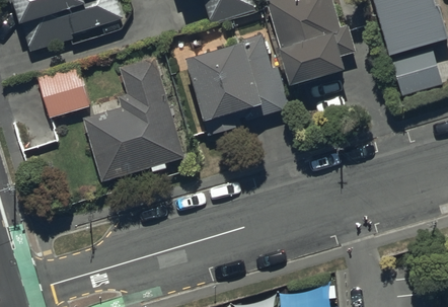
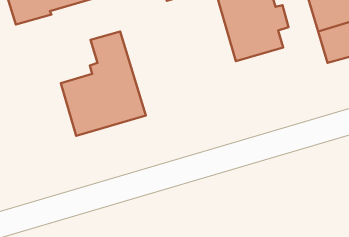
building: [185,34,284,132] -> none
building: [35,65,88,118] -> none

